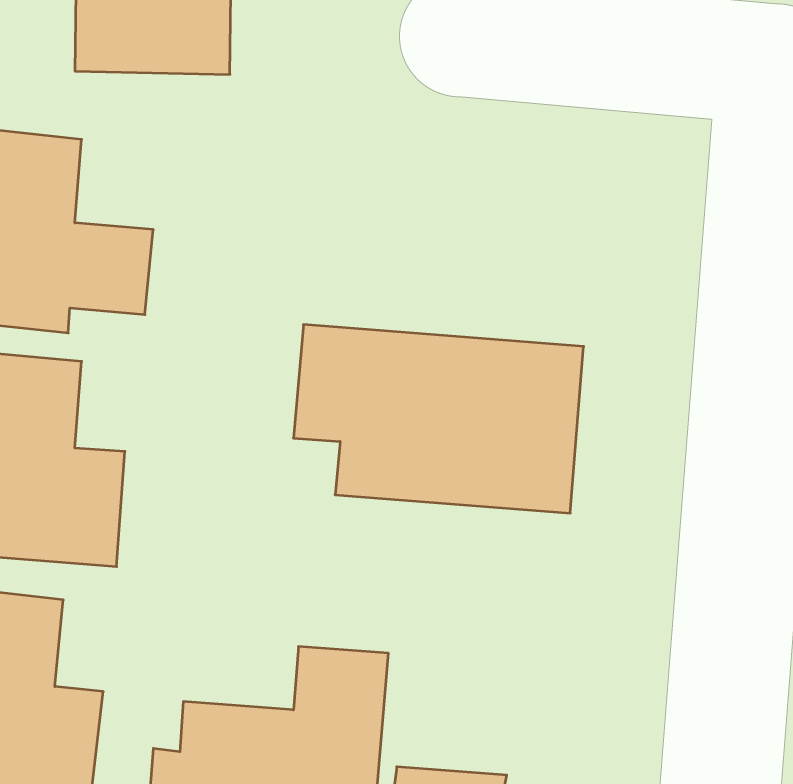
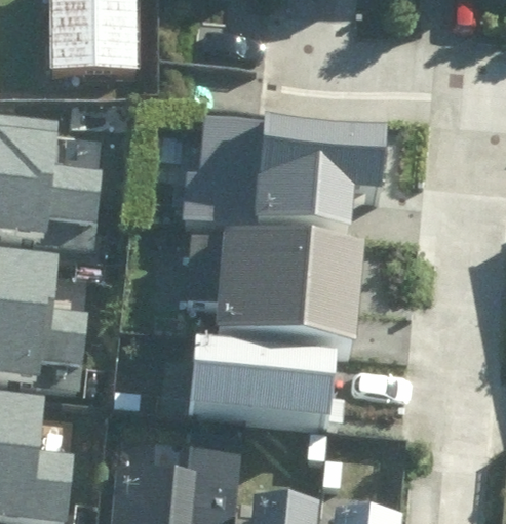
building: none -> [181,117,385,234]
building: none -> [188,346,335,419]

